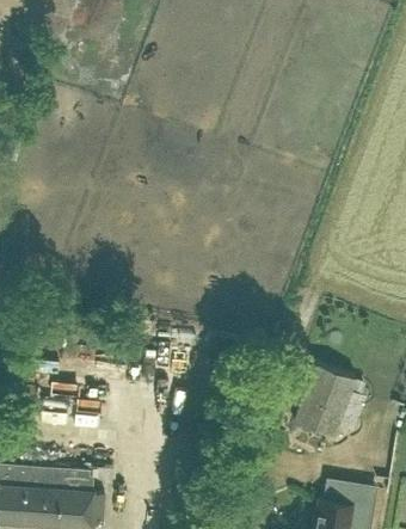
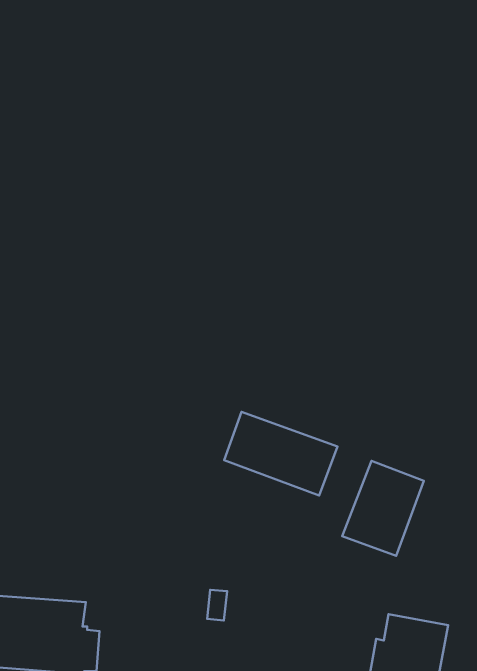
building: none -> [224,412,337,496]

